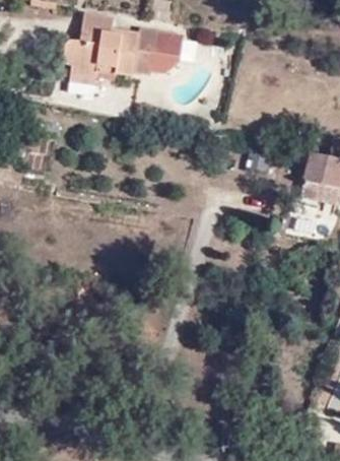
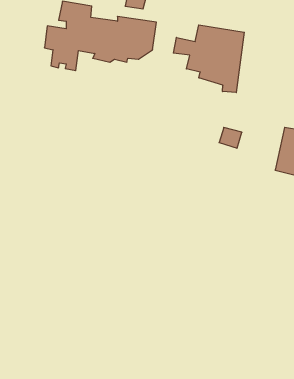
building: none -> [173,25,244,93]

